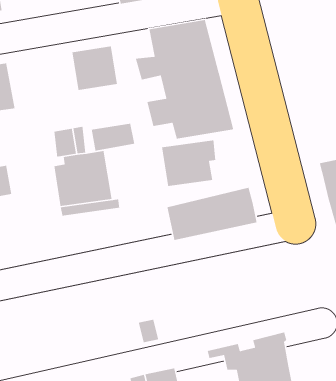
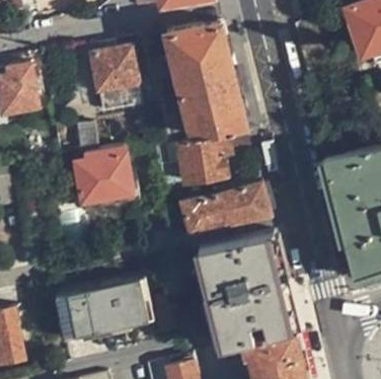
building: [91,123,135,151] -> [97,84,140,111]
building: none -> [200,233,296,339]
building: none -> [56,280,151,338]

